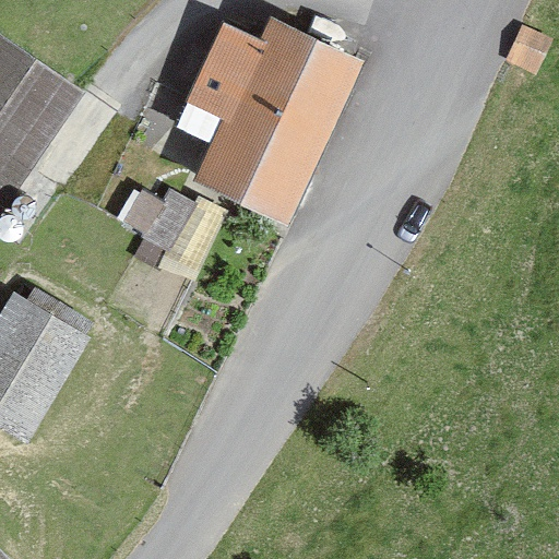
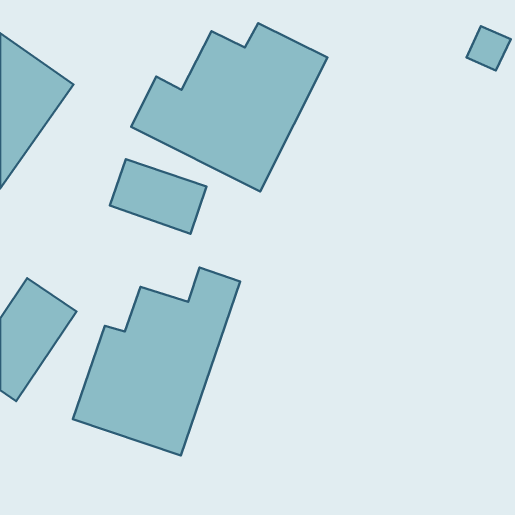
building: none -> [73,268,240,455]

